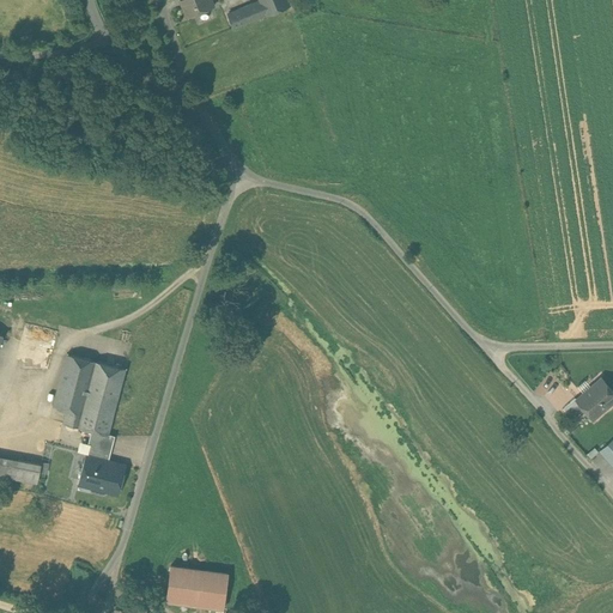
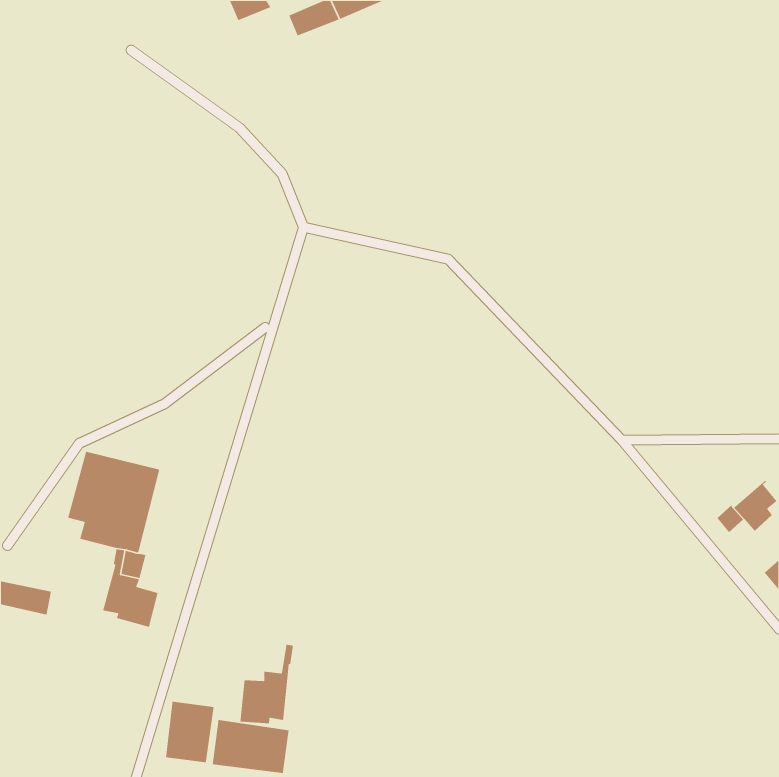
building: none -> [239,644,294,724]
building: none -> [165,701,214,763]

